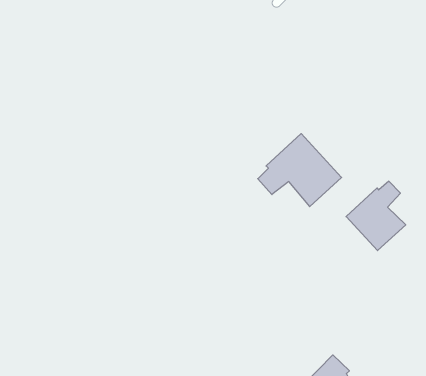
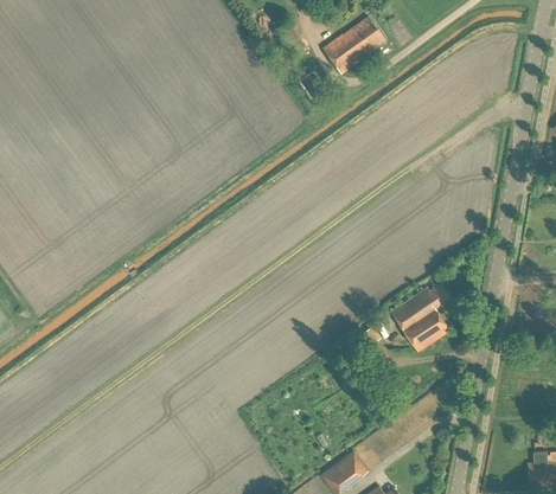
building: [258,134,342,207] -> none

